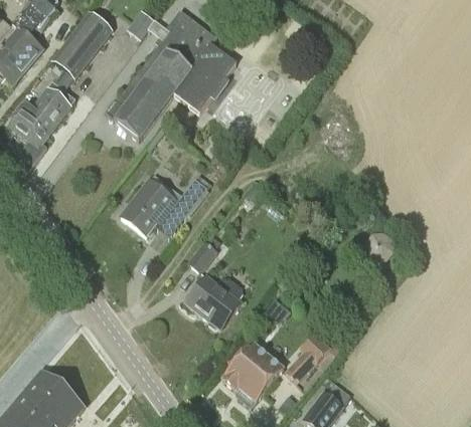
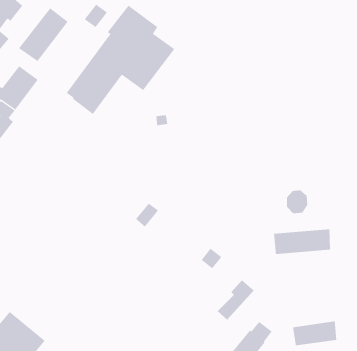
building: [122,172,211,236] -> none
building: none -> [274,228,330,255]
building: [186,276,243,329] -> none
building: [222,342,284,401] -> none
building: none -> [293,321,337,346]

